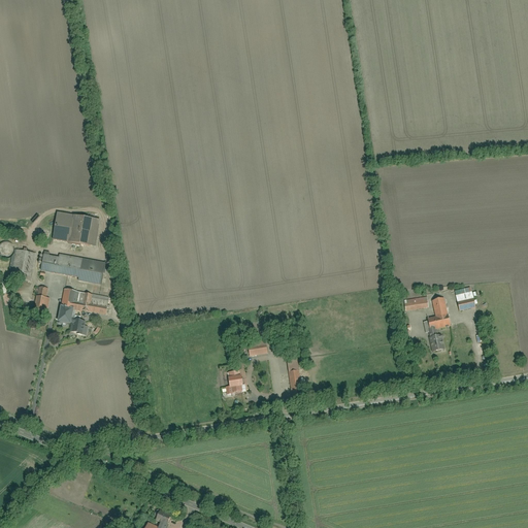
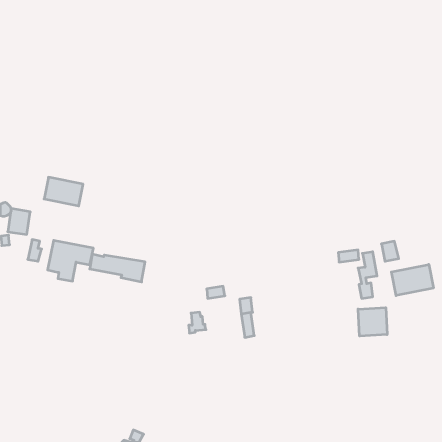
building: [40,252,106,285] -> [90,254,145,282]
building: none -> [391,264,433,296]
building: none -> [358,308,387,336]

